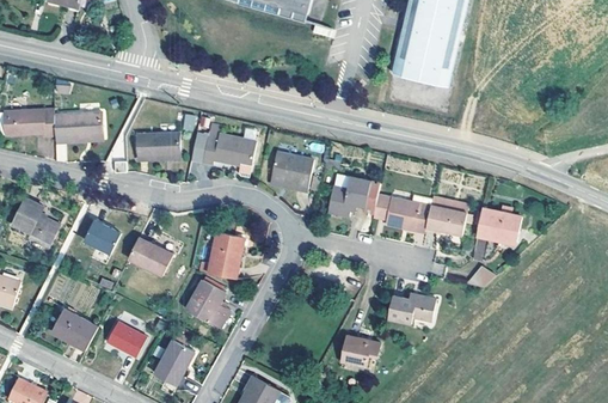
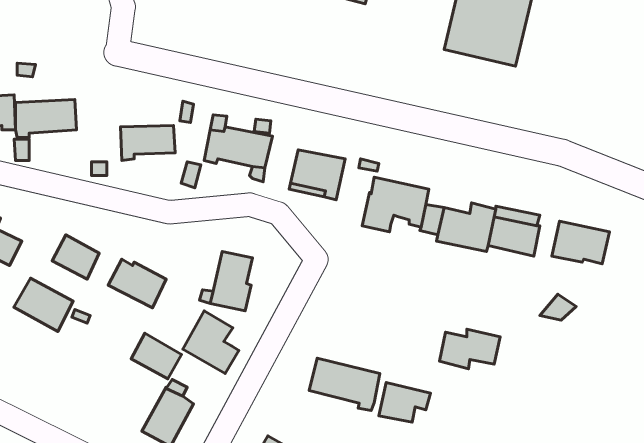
building: [50,309,97,350] -> [14,278,73,331]
building: none -> [309,358,380,411]
building: [106,320,146,356] -> [131,333,181,379]

